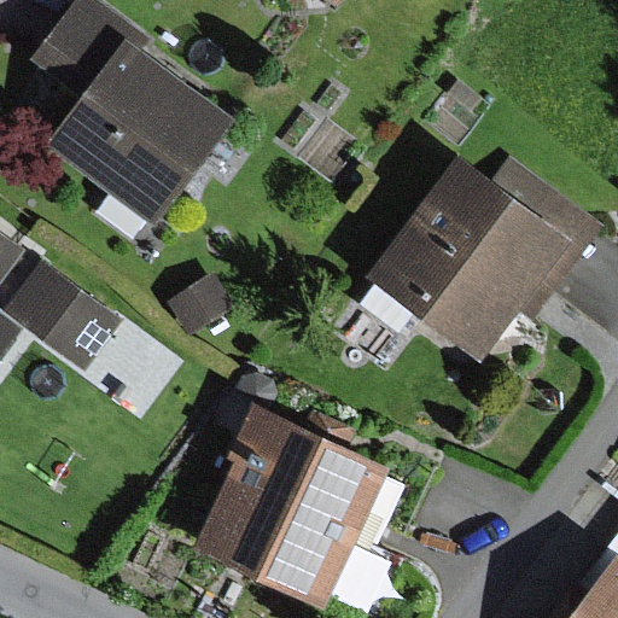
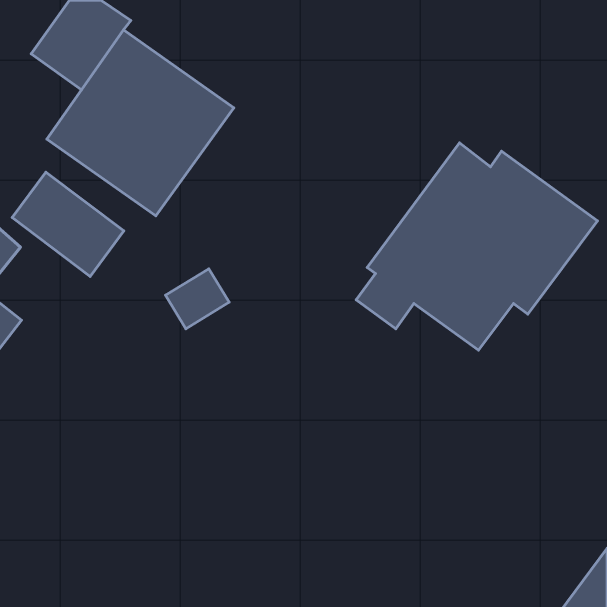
building: [6,264,118,369] -> [12,172,124,276]
building: [194,406,392,607] -> none

